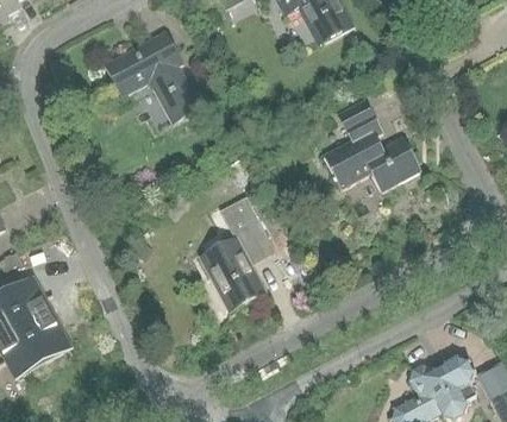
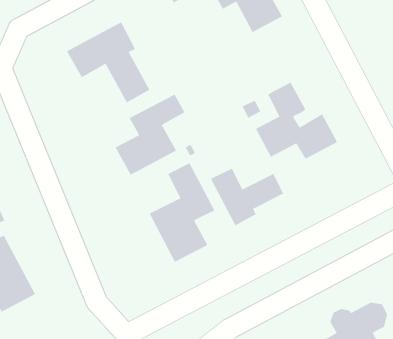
building: none -> [115,94,185,176]
building: none -> [210,168,284,226]

